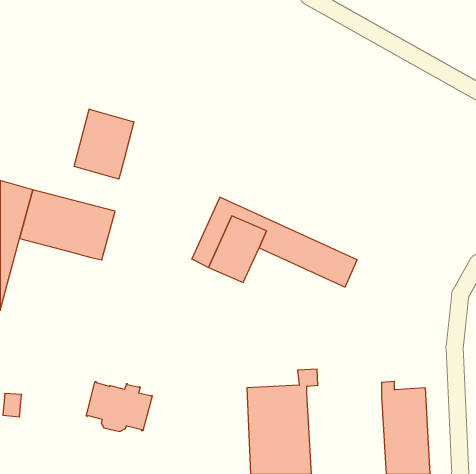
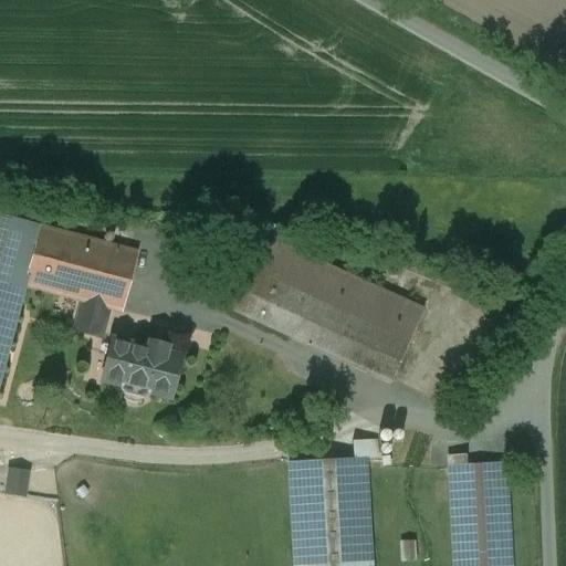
building: [74,109,134,179] -> none
building: none -> [290,293,410,380]
building: none -> [76,297,108,334]
building: [86,382,153,431] -> [103,337,181,396]

